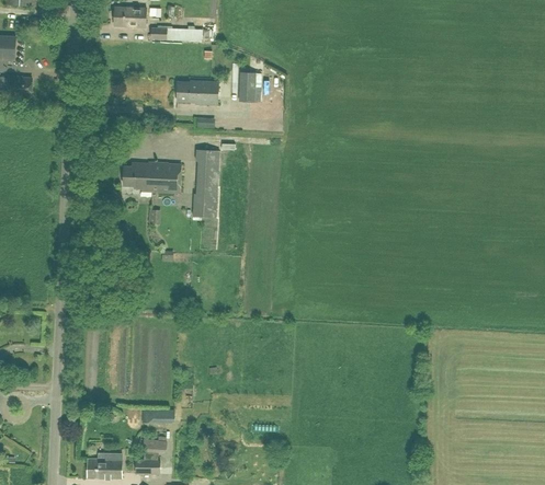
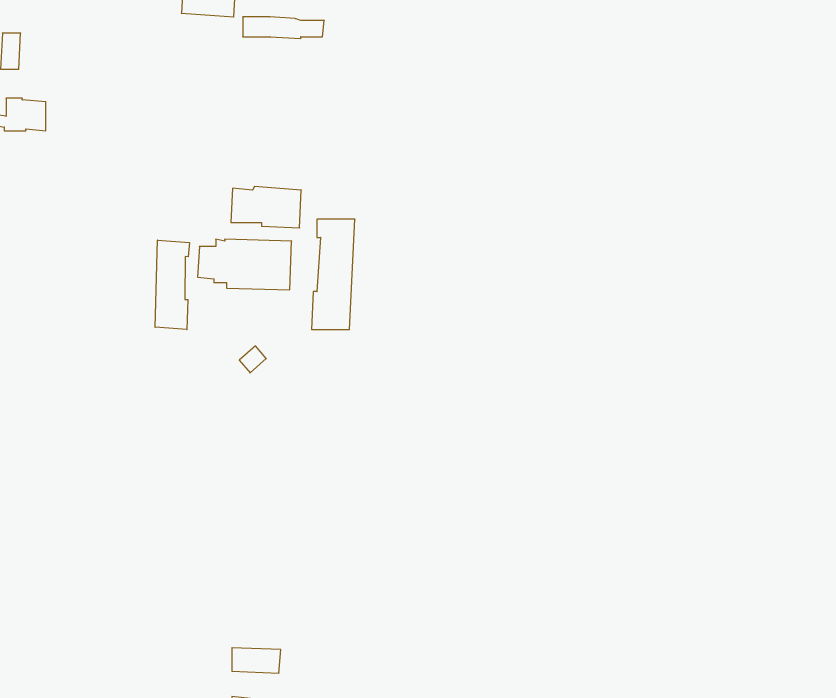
building: [238,71,256,101] -> none
building: [175,79,218,104] -> [231,186,301,228]
building: none -> [155,240,189,330]

